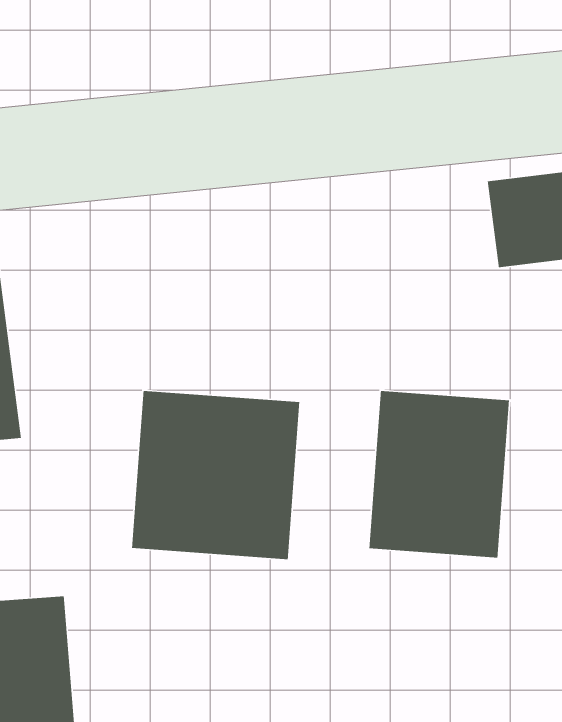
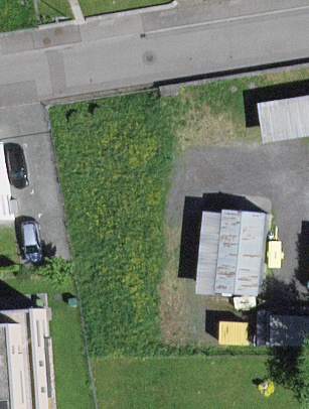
building: [131,390,300,560] -> none

